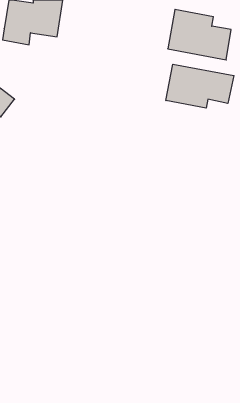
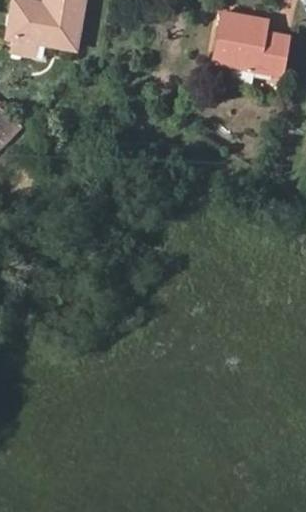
building: [166,64,234,108] -> none

